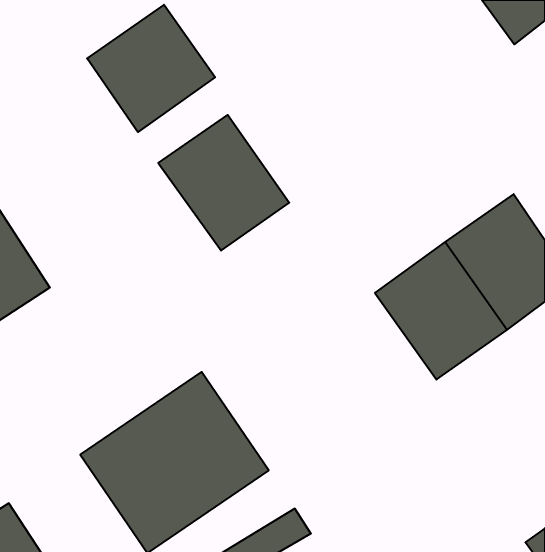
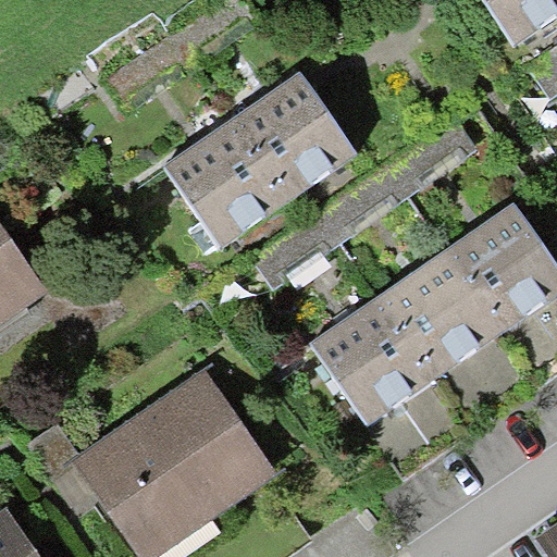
building: [87,5,215,132] -> none
building: none -> [228,70,358,206]
building: none -> [309,296,438,431]

